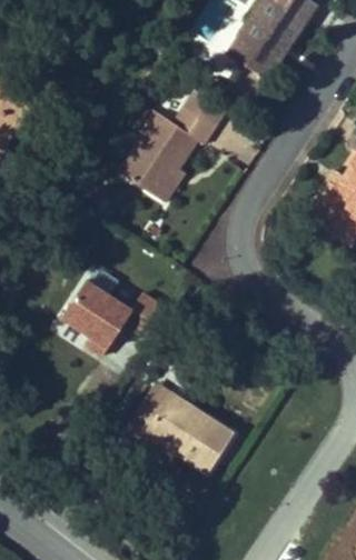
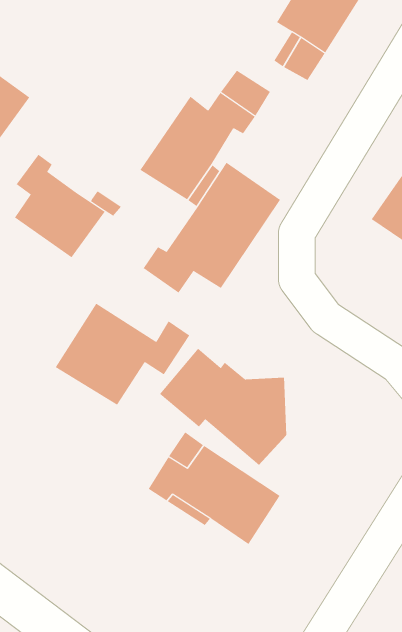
building: none -> [14,154,105,258]
building: none -> [143,162,281,294]
building: none -> [159,348,287,466]

